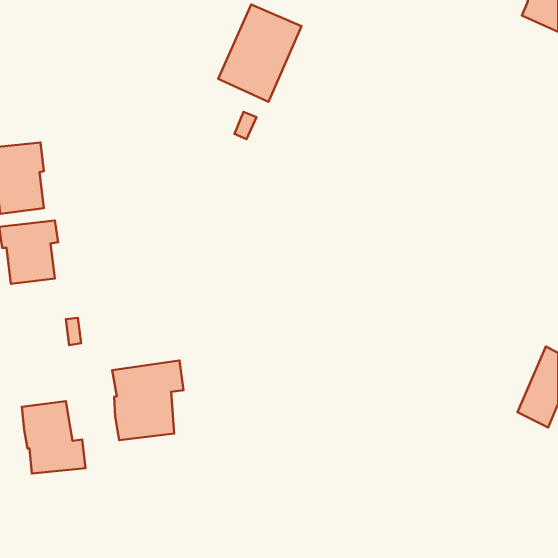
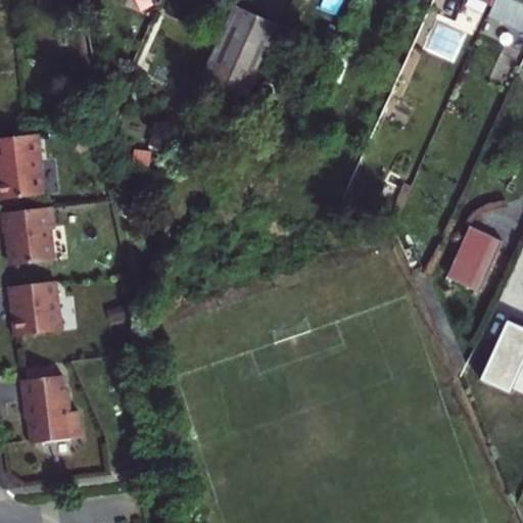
building: none -> [446,224,502,288]
building: none -> [8,280,60,335]
building: [112,361,184,440] -> none

